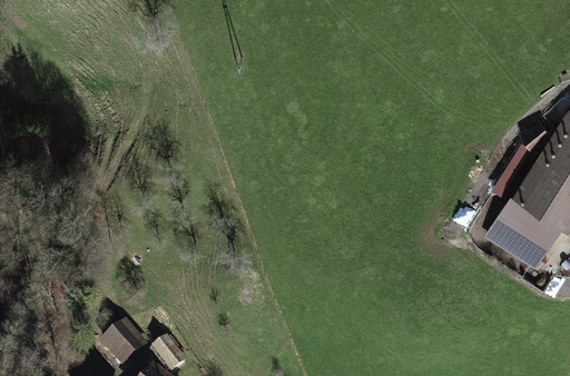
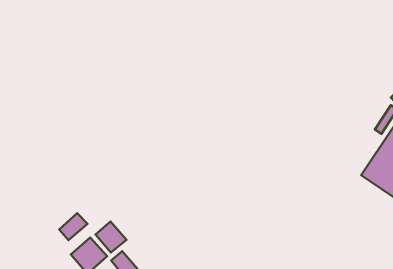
building: none -> [59,213,87,240]
building: none -> [96,222,126,253]

